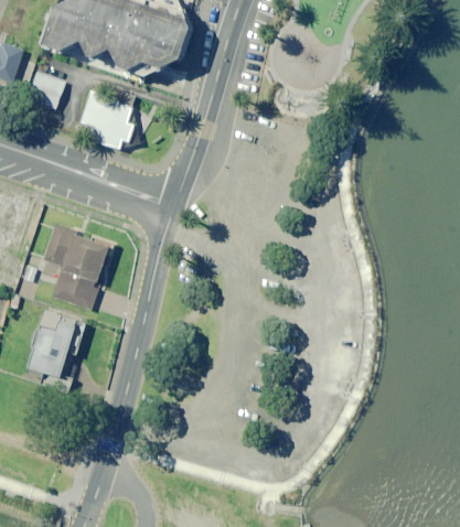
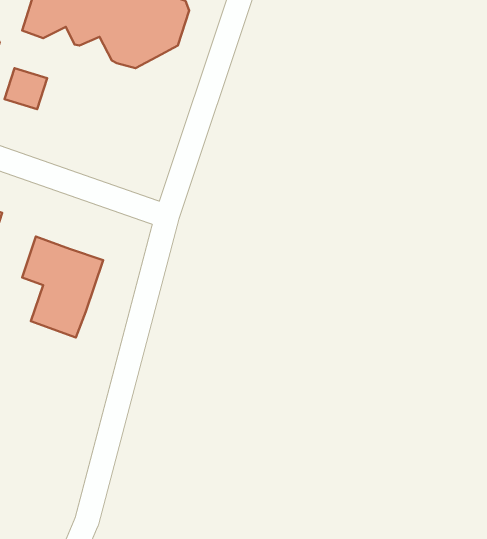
building: [75,93,133,150] -> none
building: [28,310,85,378] -> none

